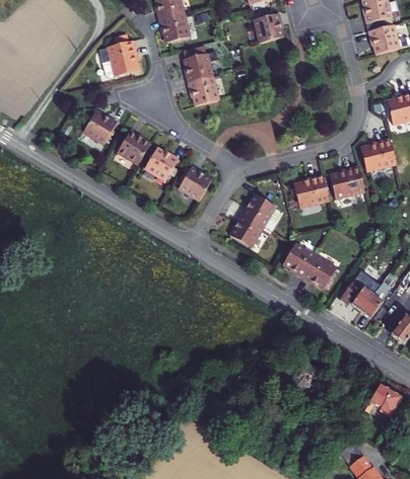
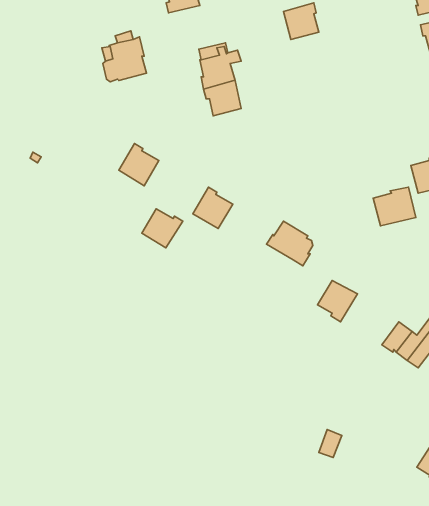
building: [159,14,191,43] -> none
building: [84,112,118,145] -> none
building: [145,148,180,180] -> [142,209,183,248]
building: [294,175,331,208] -> none
building: [231,214,264,247] -> none
building: [303,255,338,289] -> none

